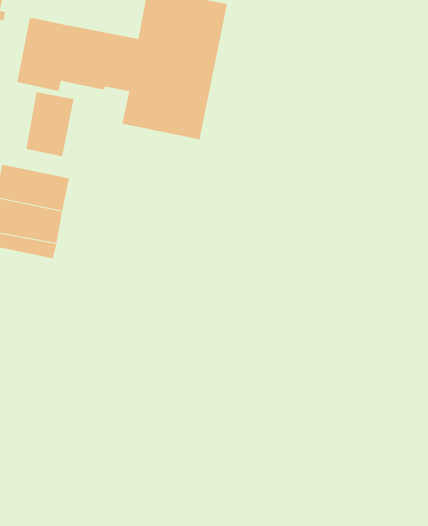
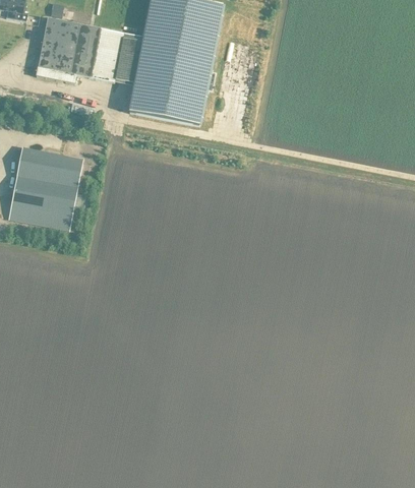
building: [26,92,74,157] -> none

